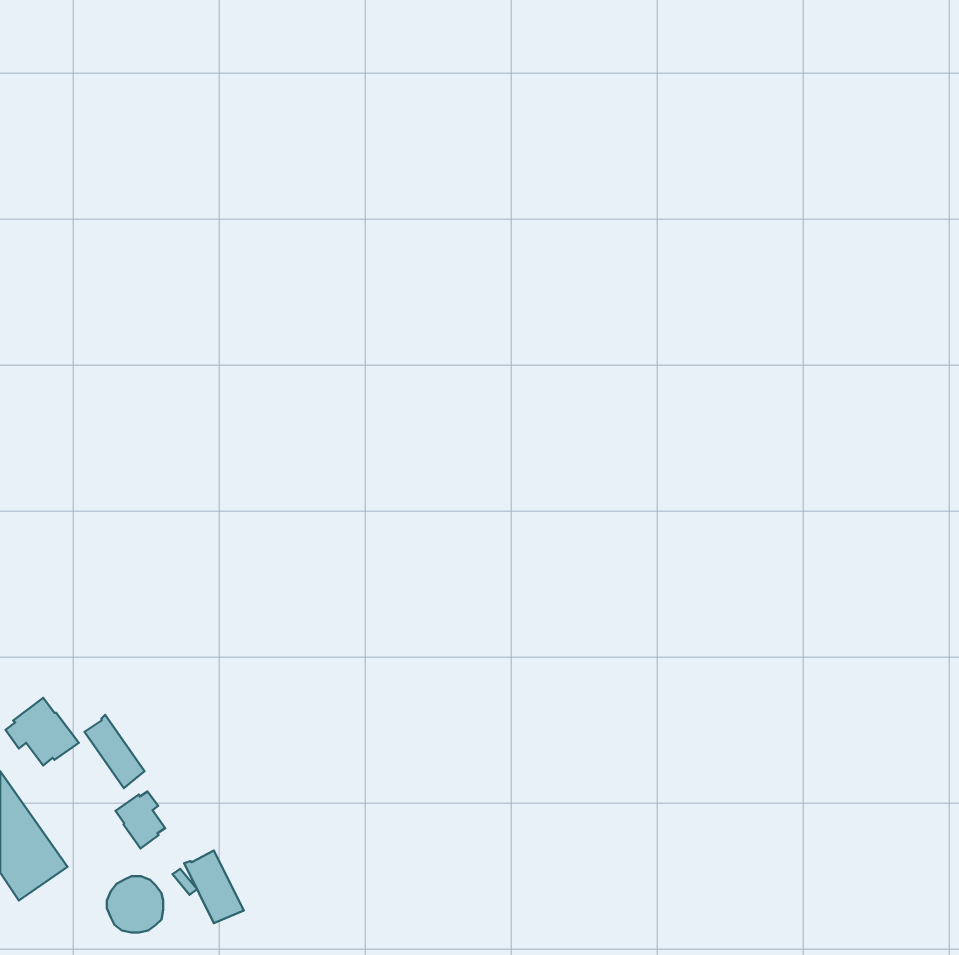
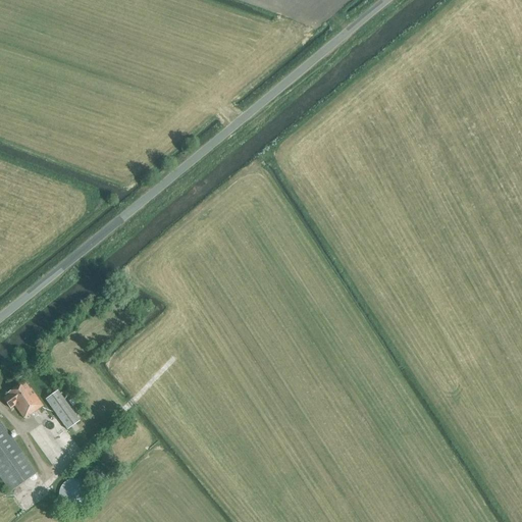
building: [116,792,165,849] -> none
building: [184,851,244,923] -> none

